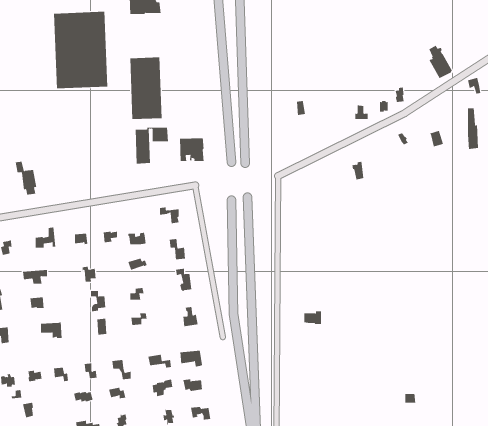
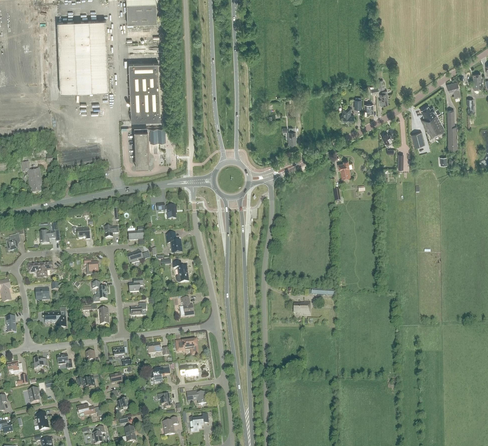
building: [429,45,453,79] -> [420,105,443,137]
building: [179,137,204,162] -> none

